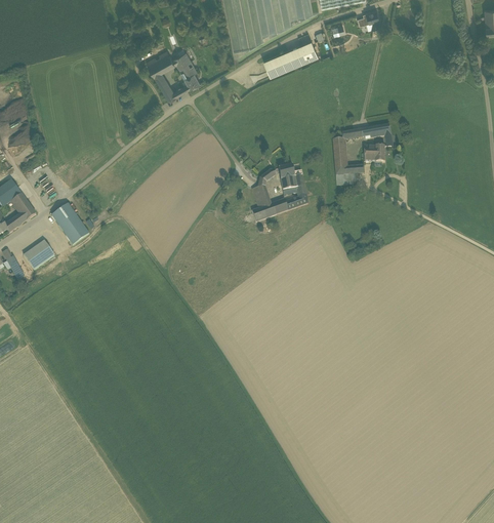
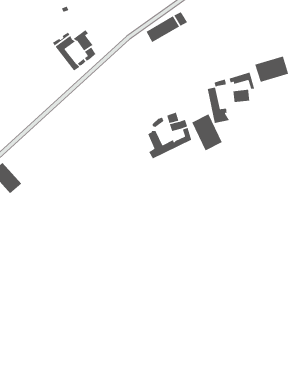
building: none -> [254,56,289,83]
building: none -> [191,113,223,151]

